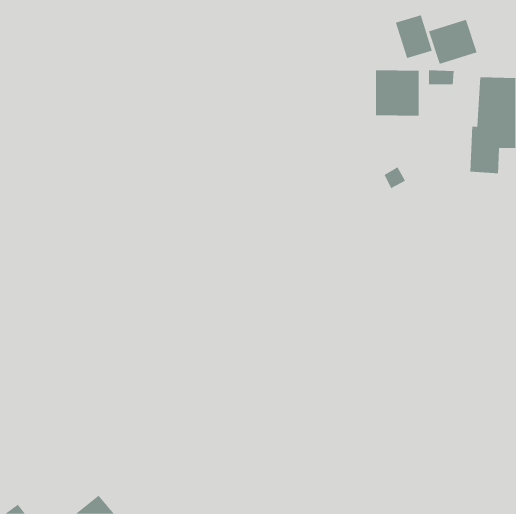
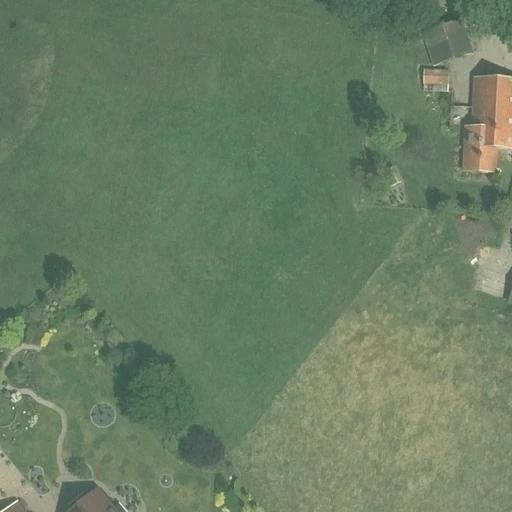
building: [395,15,433,59] -> none
building: [376,69,419,116] -> none

